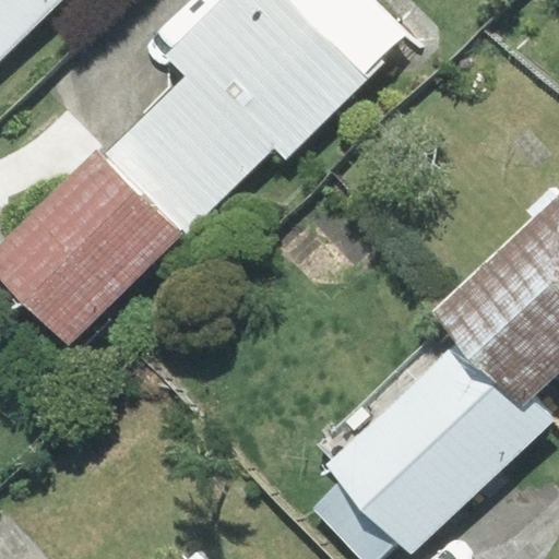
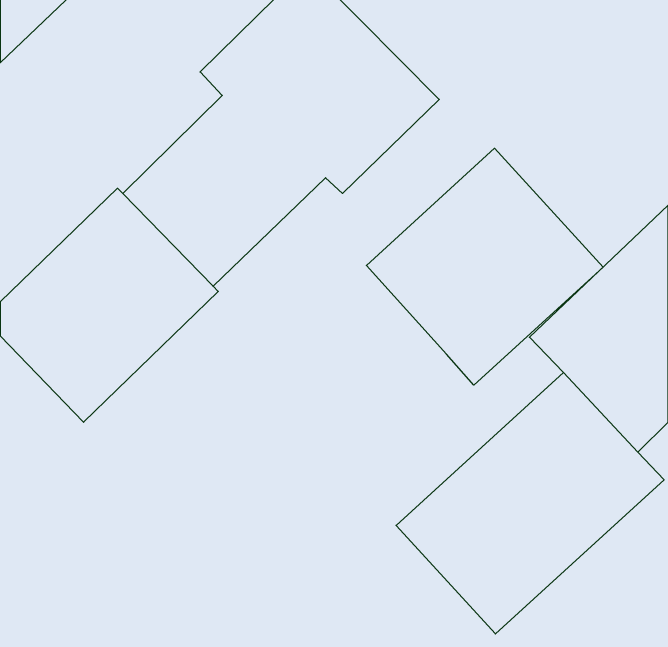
building: none -> [366,148,603,385]

